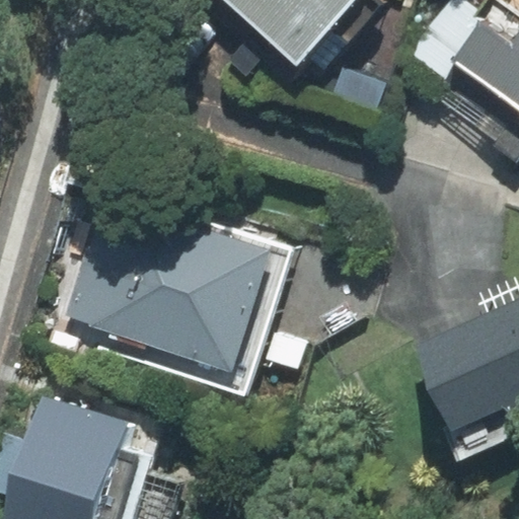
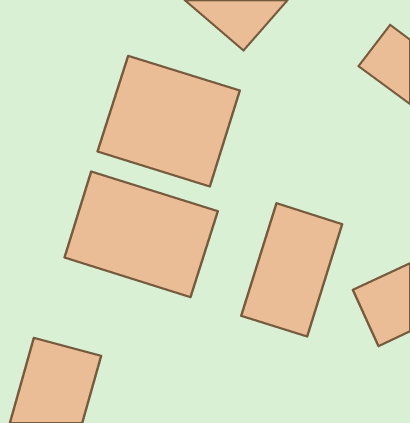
building: none -> [98,56,240,187]
building: none -> [241,203,342,336]

